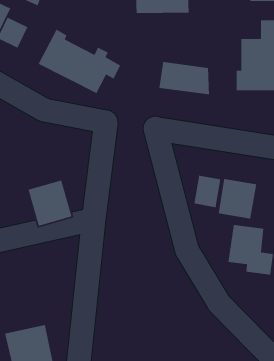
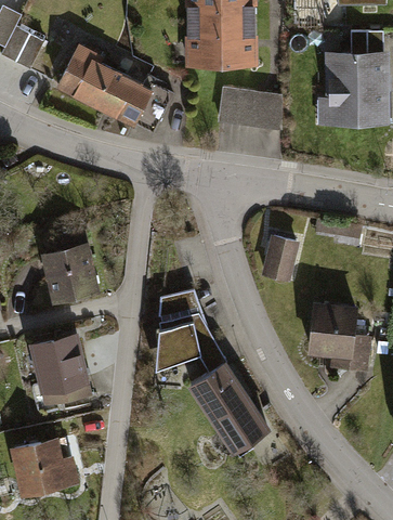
building: none -> [185,21,258,64]
building: [218,178,257,220] -> none
building: none -> [155,289,270,456]
building: none -> [30,333,93,406]

